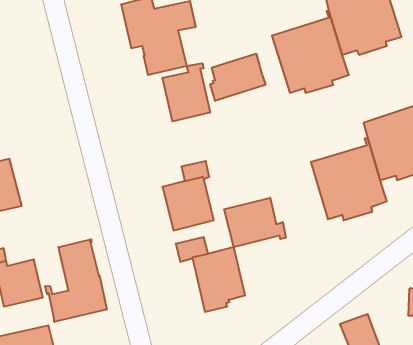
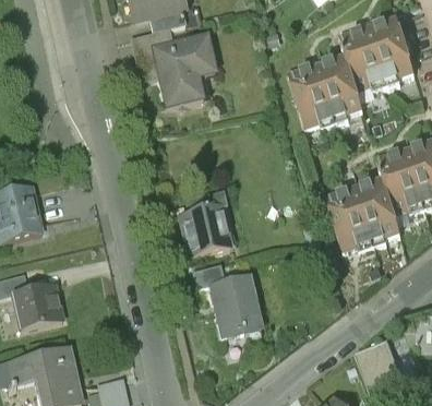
building: [210,54,265,101] -> none
building: [163,63,210,121] -> none
building: [224,198,286,247] -> none
building: [45,239,107,322] -> none

